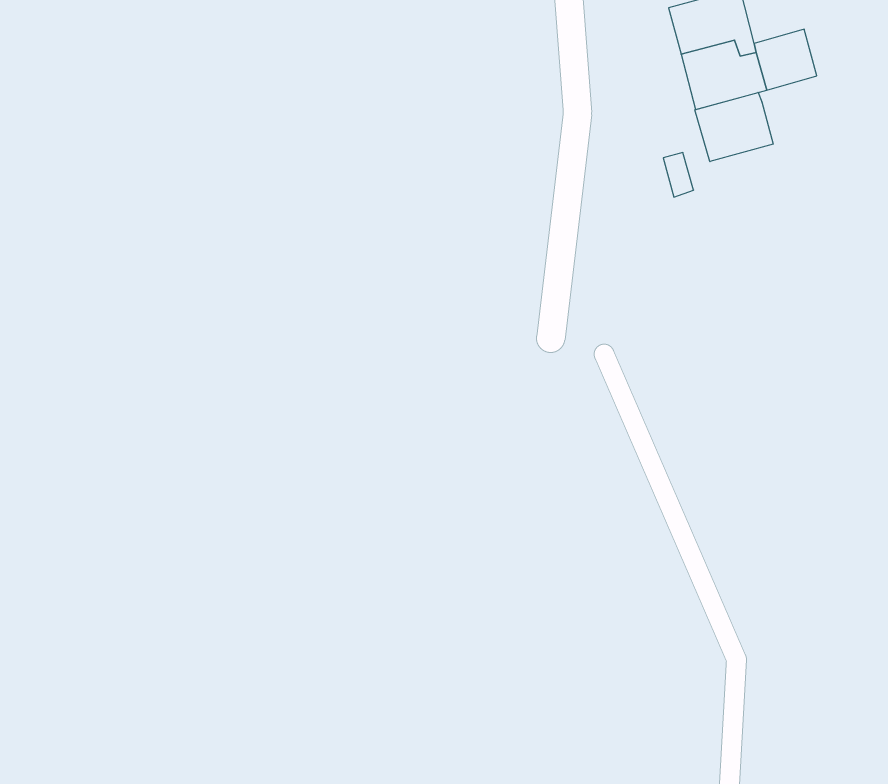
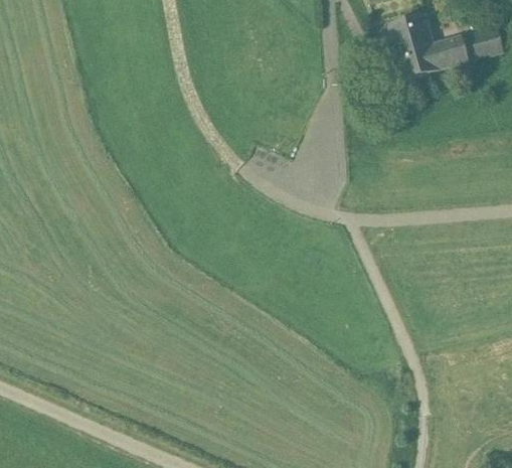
building: none -> [473,29,503,55]
building: [695,92,773,162] -> none

